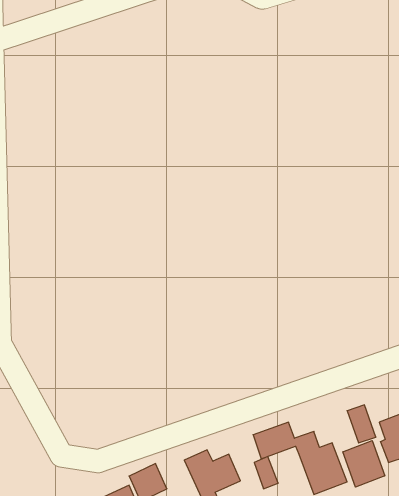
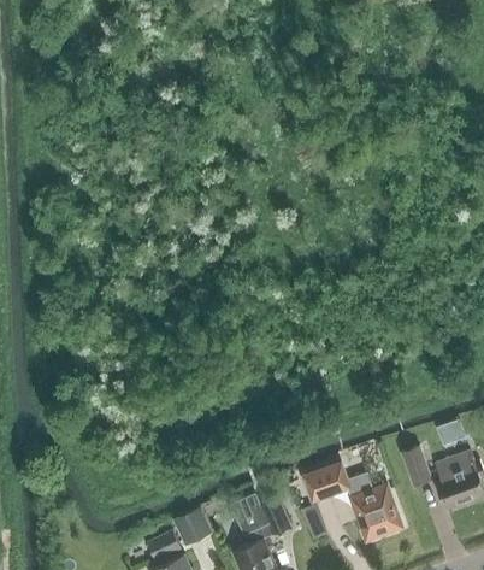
building: [343,441,385,487] -> none

